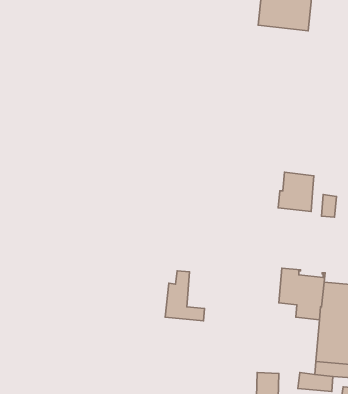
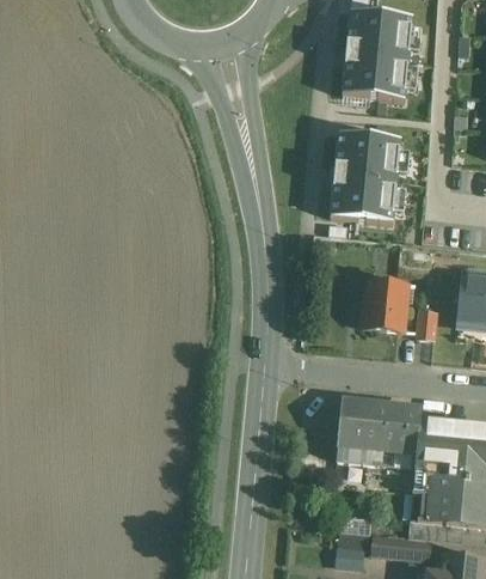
building: none -> [330,136,396,223]
building: [165,271,205,321] -> [337,400,387,463]

